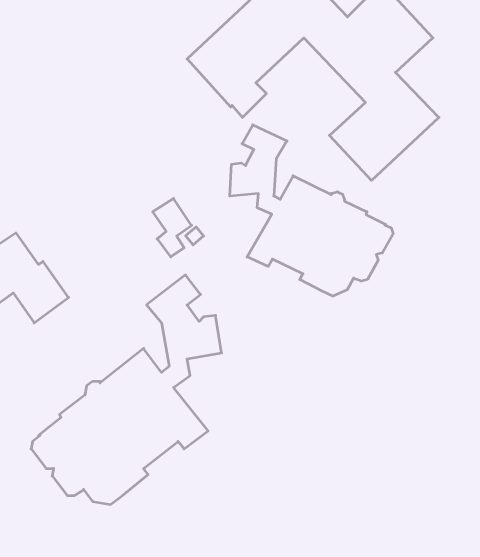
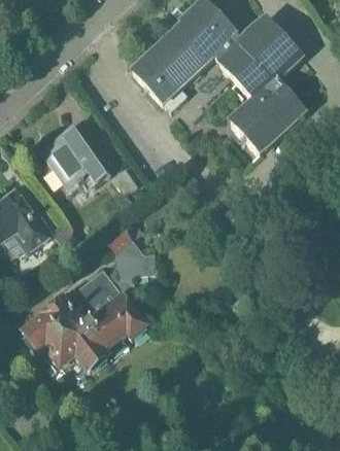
building: [230,125,393,296] -> none
building: none -> [41,126,108,189]

